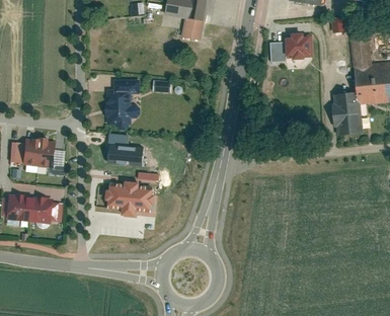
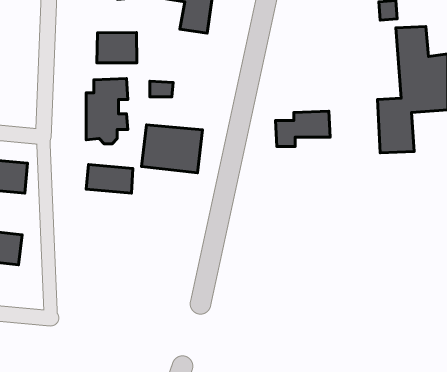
building: [268,34,311,62] -> [276,111,330,146]
building: none -> [97,33,137,63]
building: [106,181,154,219] -> [141,125,203,173]

